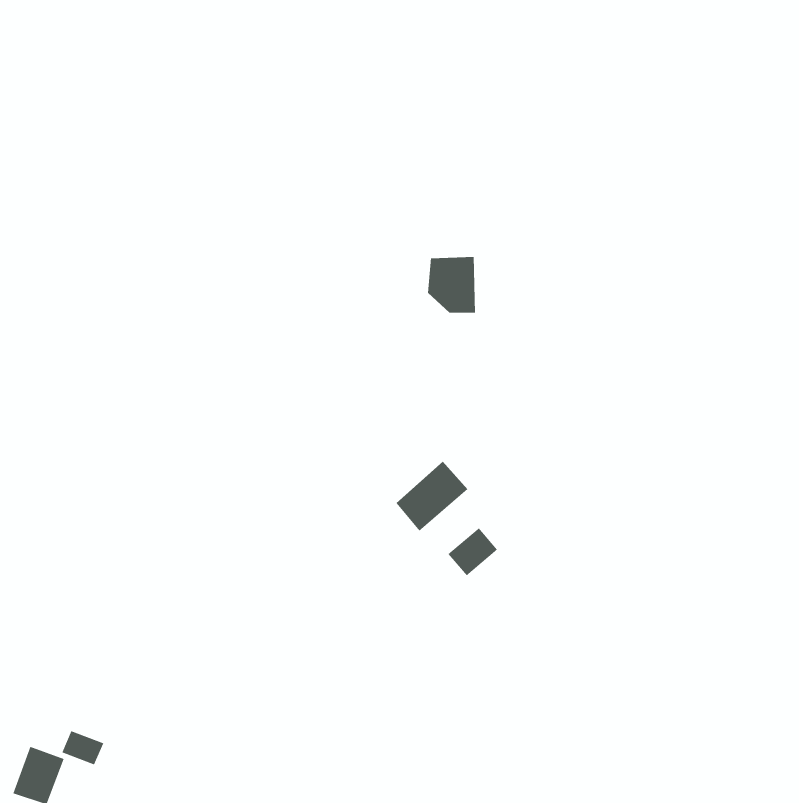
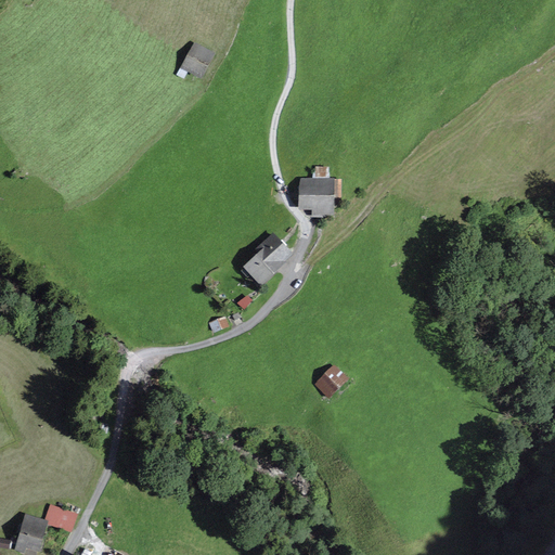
building: none -> [179,40,212,76]
building: [396,461,468,532] -> [243,236,293,285]

